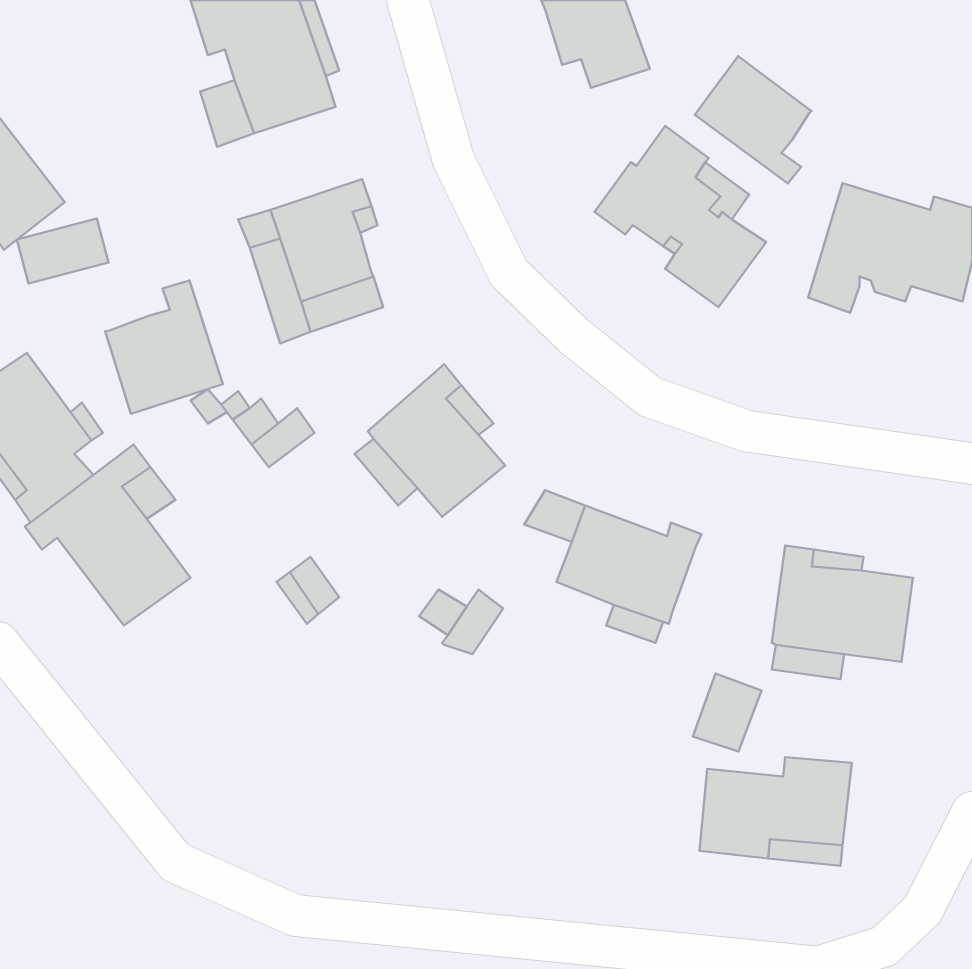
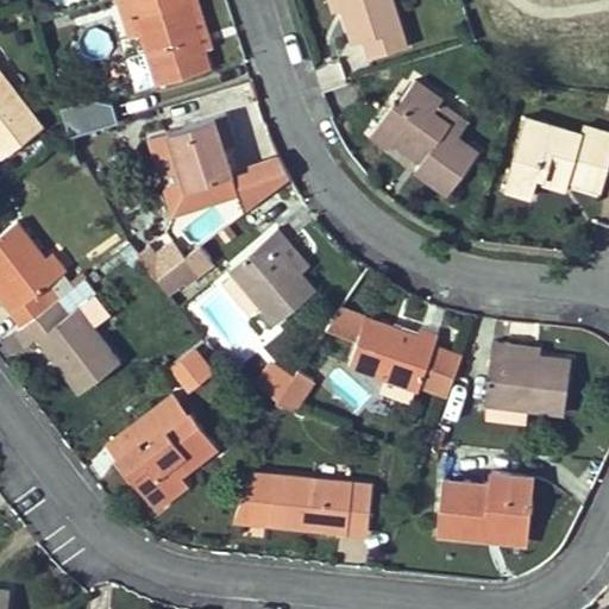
building: [695,56,812,184] -> none
building: [17,219,108,283] -> [59,94,117,134]
building: none -> [232,158,290,213]
building: [105,281,223,414] -> none
building: none -> [107,396,215,510]
building: [693,673,761,752] -> [420,345,463,394]
building: none -> [234,475,372,536]

